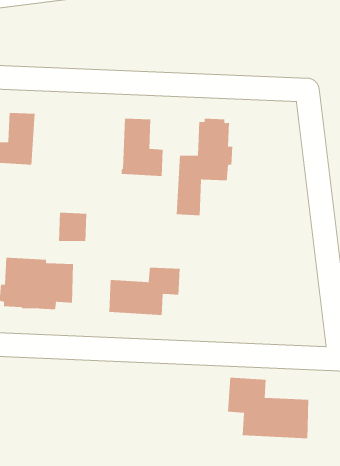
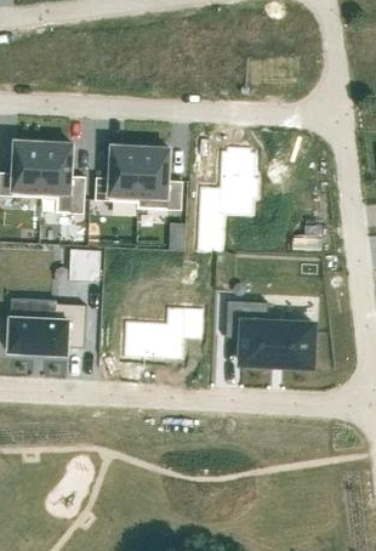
building: none -> [40,141,85,212]
building: none -> [95,144,139,200]
building: [227,377,309,439] -> [224,299,313,365]

